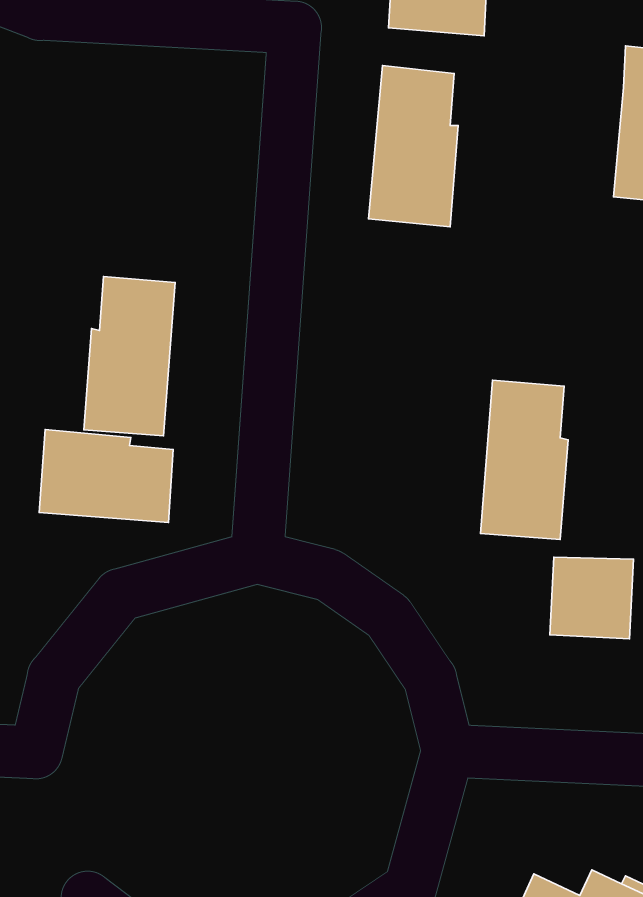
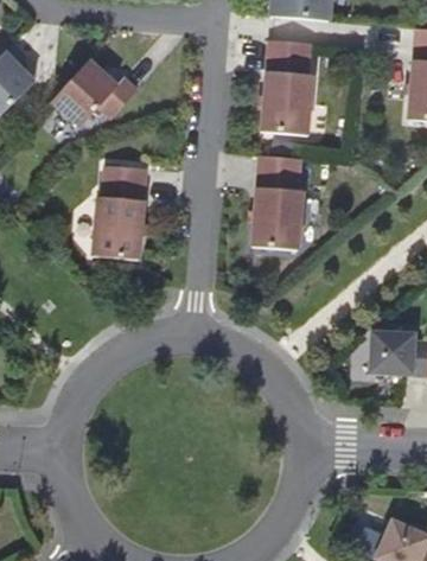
building: none -> [52,60,135,126]
building: [481,380,568,539] -> [253,155,305,250]
building: [39,430,173,522] -> none

